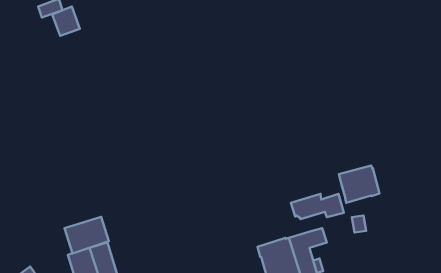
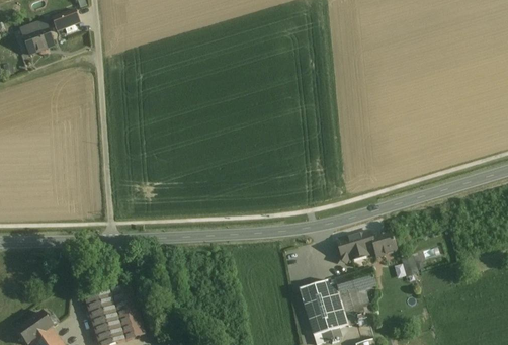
building: [52,6,80,36] -> [20,20,52,54]
building: [339,166,379,203] -> none
building: [65,217,109,253] -> none

